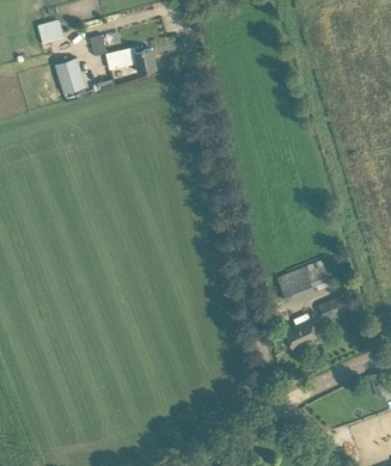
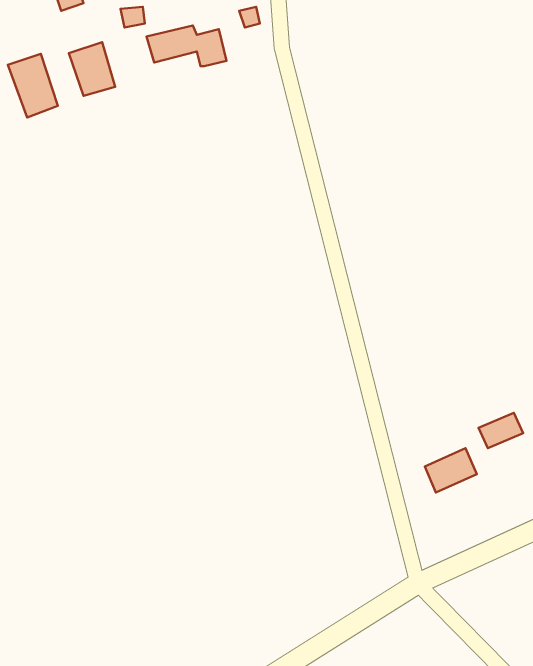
building: none -> [8,54,58,118]
building: [277,260,332,301] -> none

